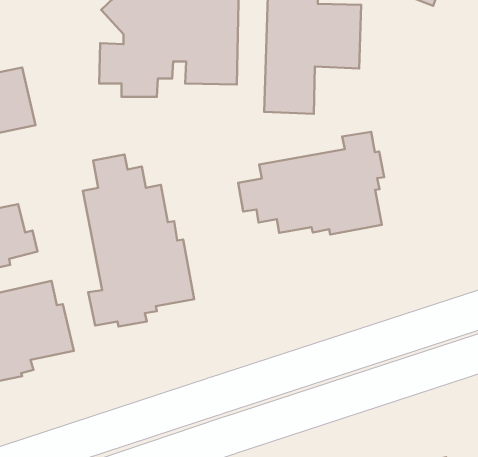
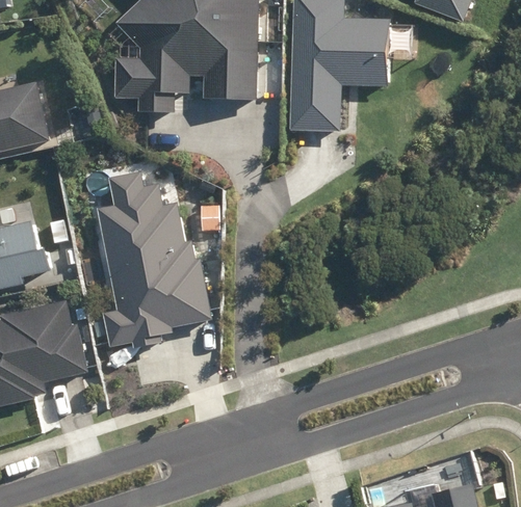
building: [238,132,384,235] -> none

